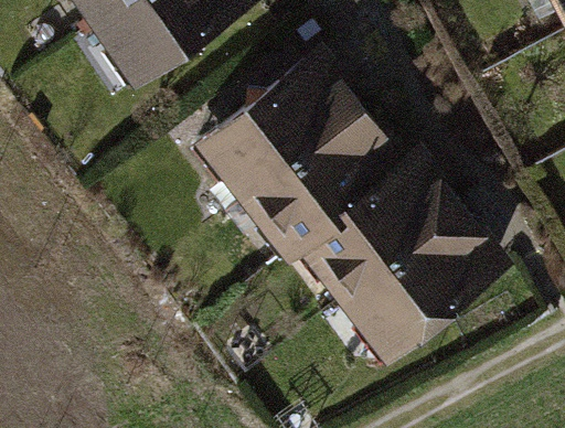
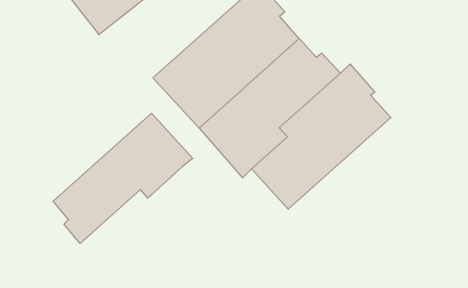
building: none -> [53,113,193,243]
building: [340,208,516,366] -> none

